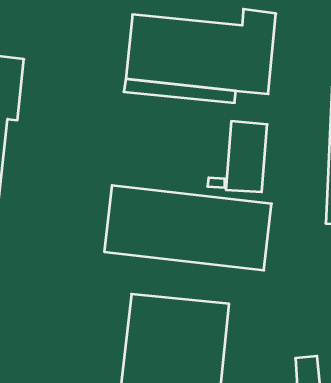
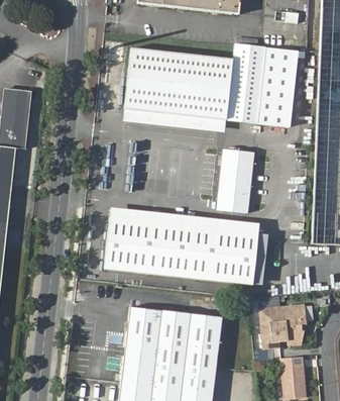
building: none -> [257,47,296,125]
building: none -> [260,305,307,348]

